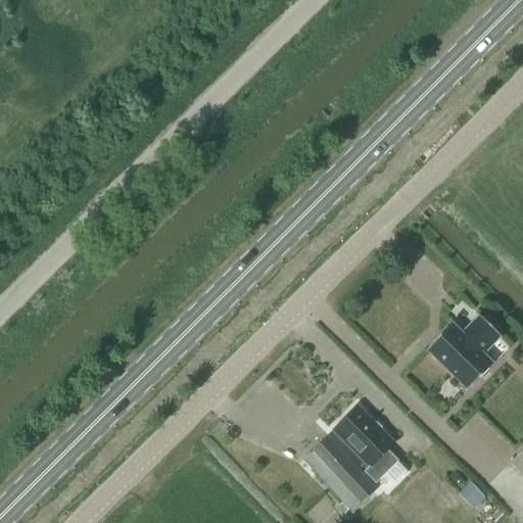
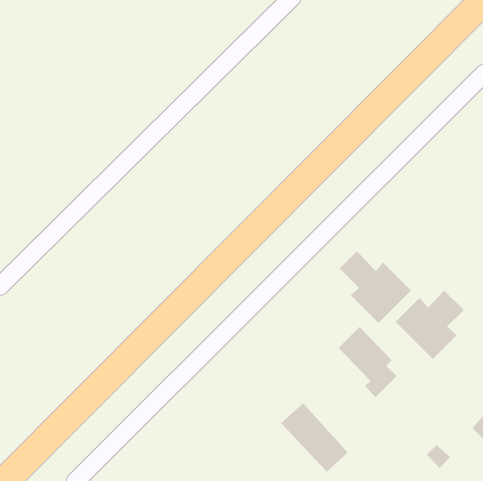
building: none -> [338,250,412,324]
building: [335,405,399,482] -> [338,326,397,398]

